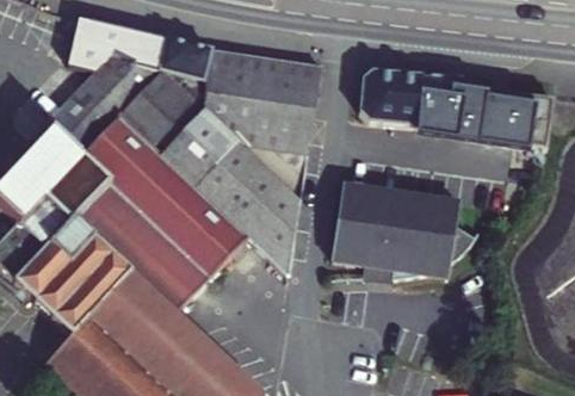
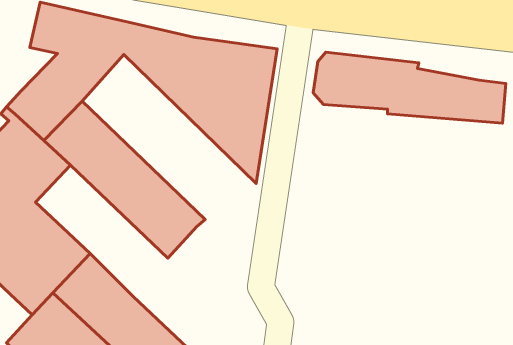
building: [122,68,301,274] -> none
building: [332,180,481,280] -> none
building: [74,181,210,316] -> none

